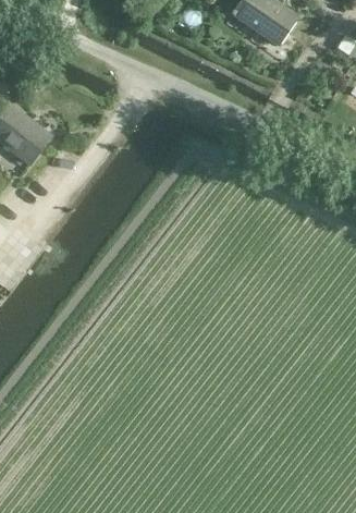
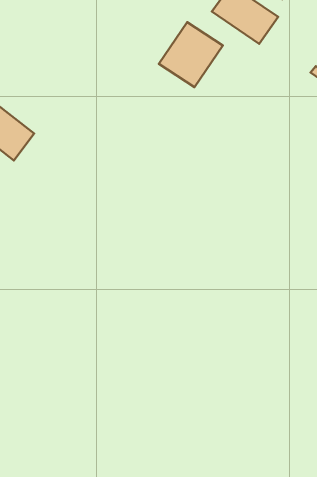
building: none -> [159,22,223,87]

